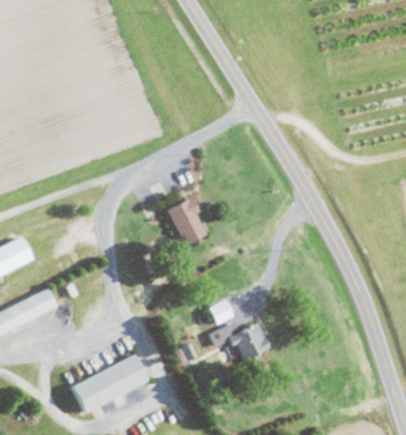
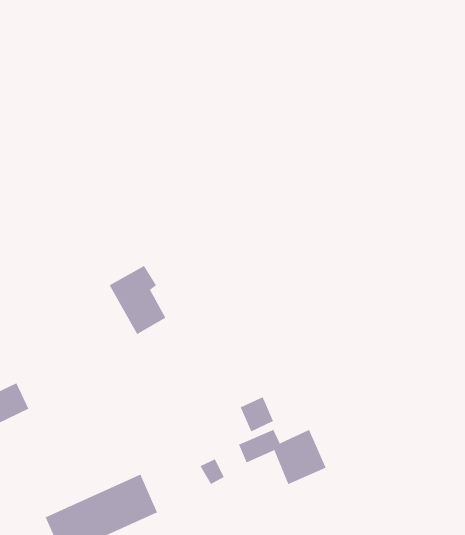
building: [166,196,207,246] -> [109,265,166,335]

